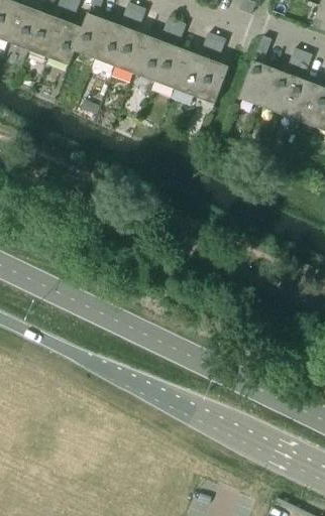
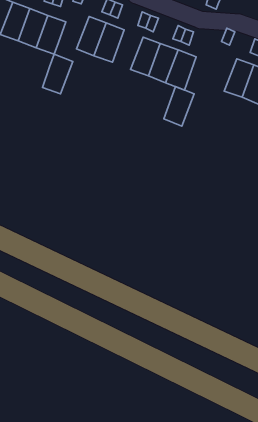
building: [74,13,108,57] -> [42,54,73,94]
building: [134,36,169,81] -> none
building: [239,60,274,105] -> [164,87,194,126]

